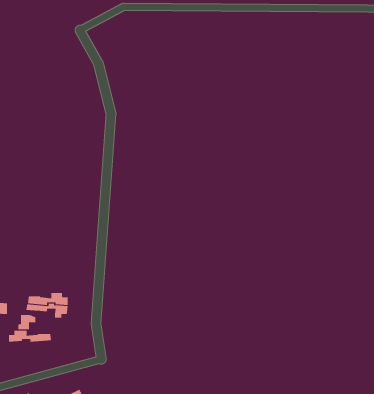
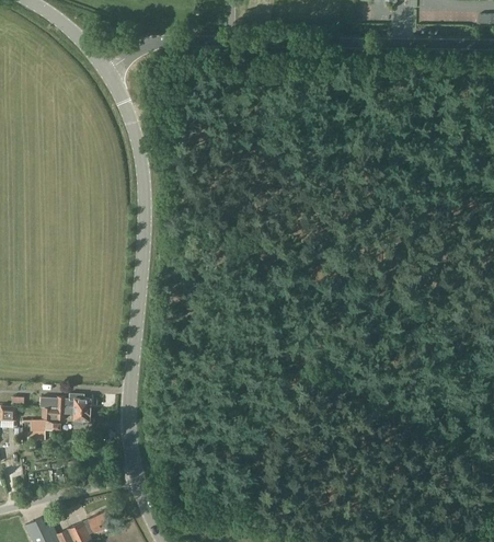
building: [8,330,52,342] -> none

